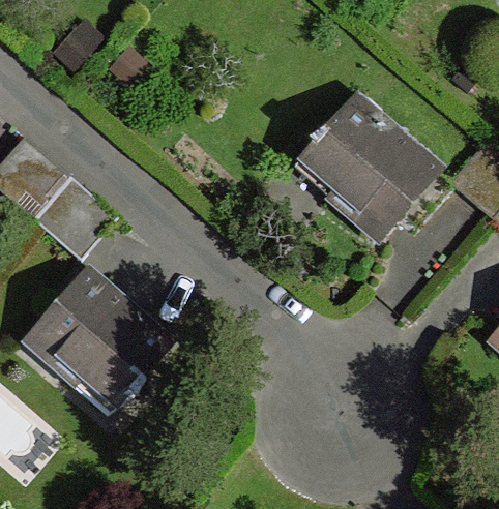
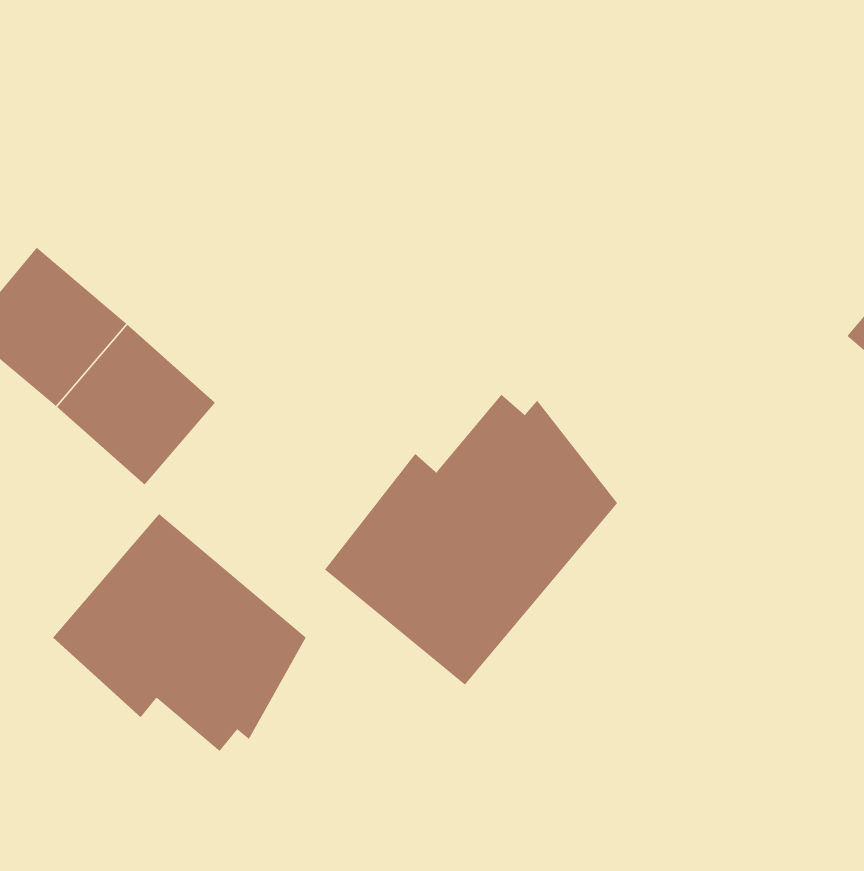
building: [301,101,432,234] -> none
building: none -> [324,394,618,685]

